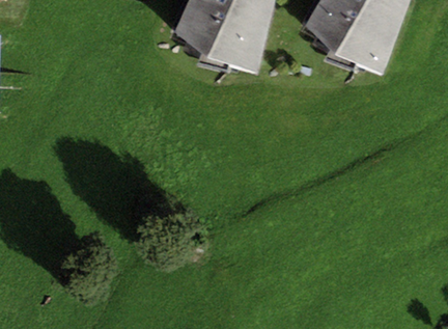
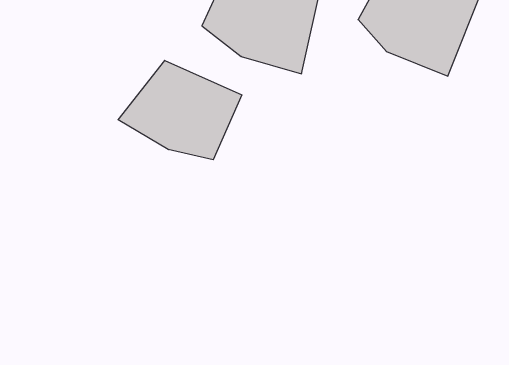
building: none -> [118,60,242,160]

